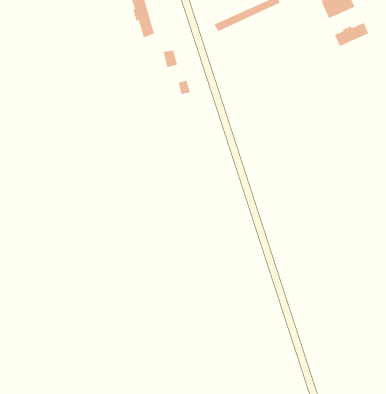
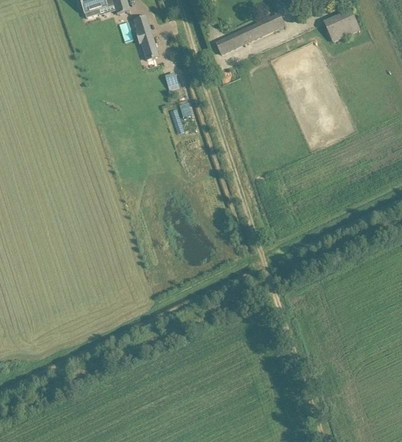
building: [334,22,369,47] -> none

